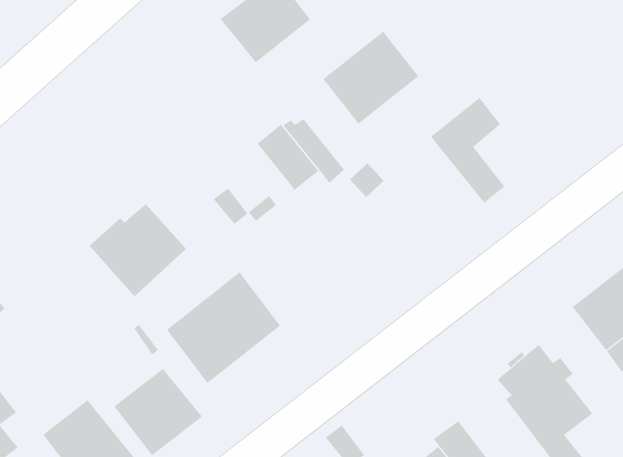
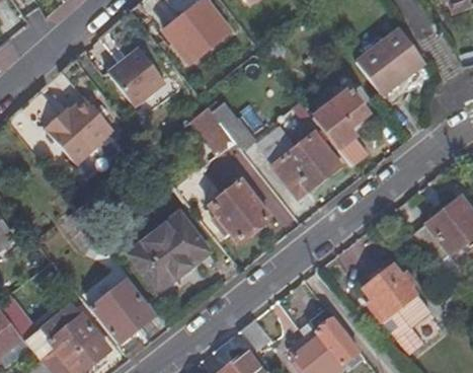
building: none -> [357,24,424,90]
building: [323,31,419,124] -> [271,129,340,196]
building: none -> [104,45,163,103]
building: [89,203,187,297] -> [44,97,113,164]
building: none -> [208,178,267,240]

